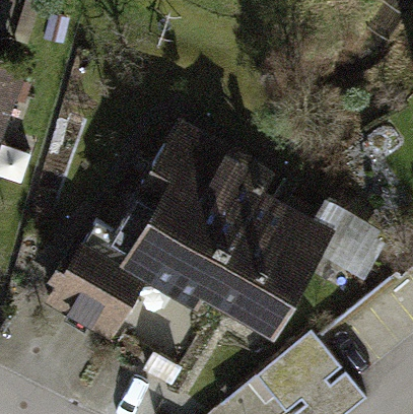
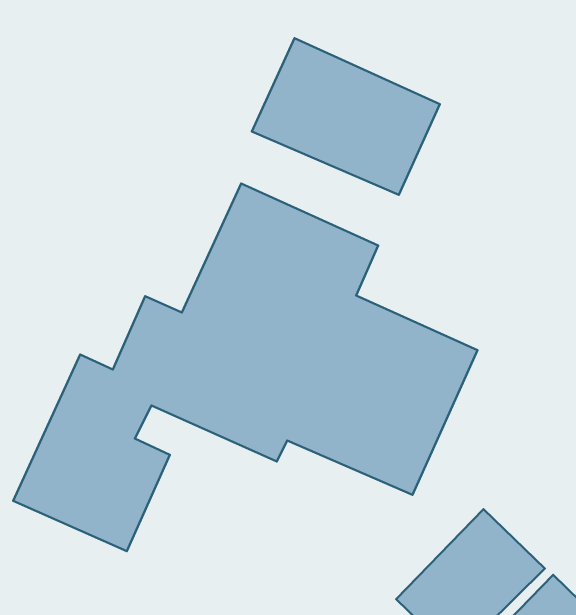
building: none -> [252,38,440,195]

